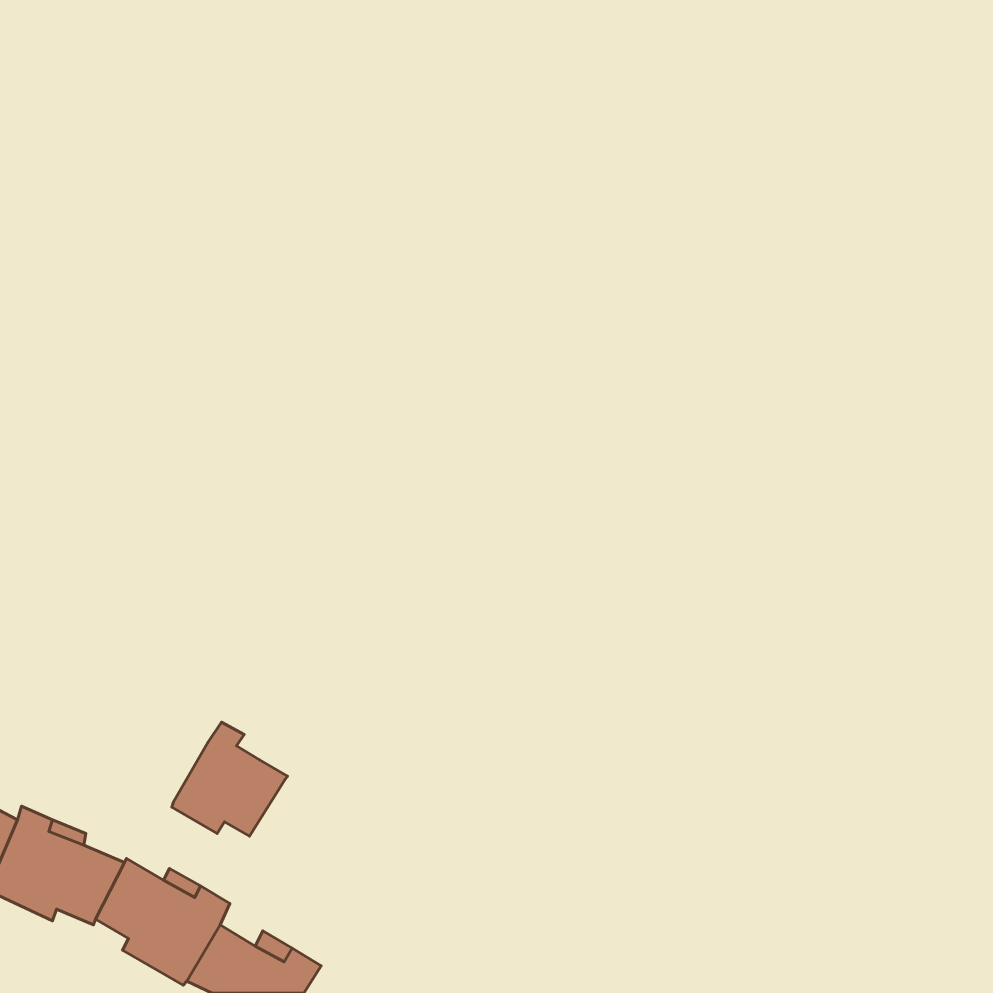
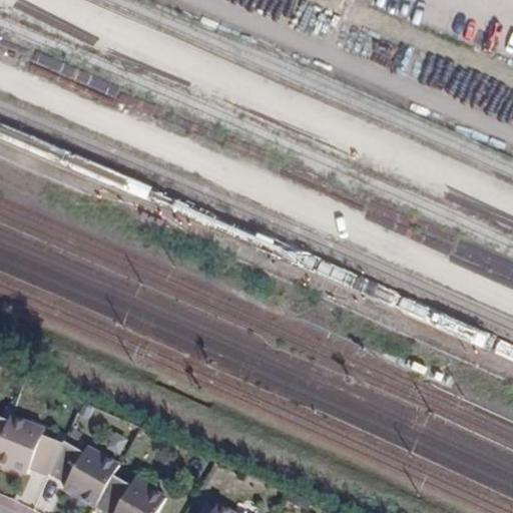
building: [172,722,287,836] -> none

